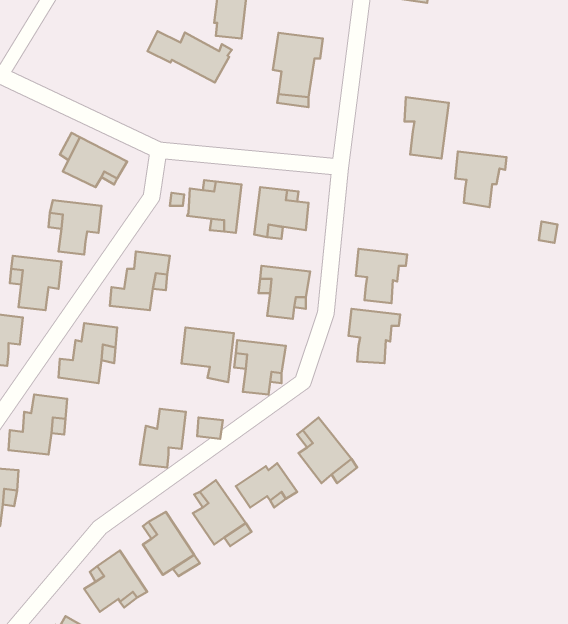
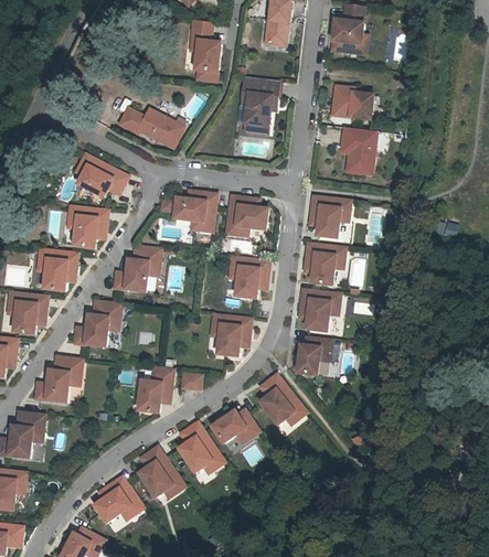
building: [148,31,232,83] -> [121,109,187,149]
building: none -> [332,86,373,119]
building: [455,151,507,207] -> [310,196,350,239]
building: [181,327,234,382] -> none
building: none -> [298,338,331,375]

